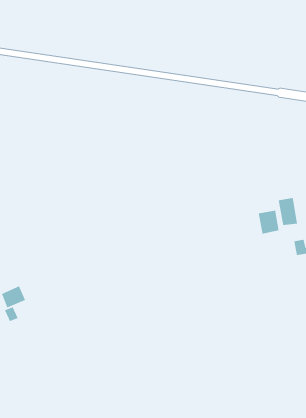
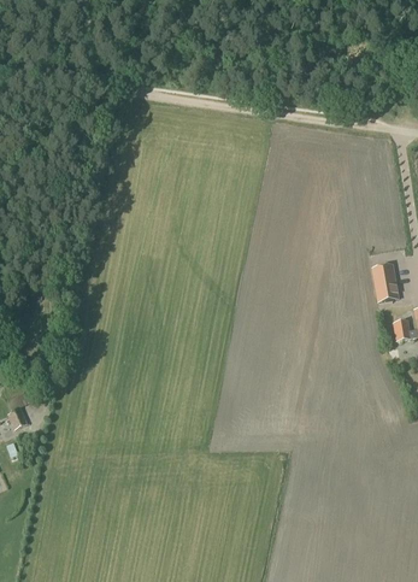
building: [258,210,279,235] -> none

